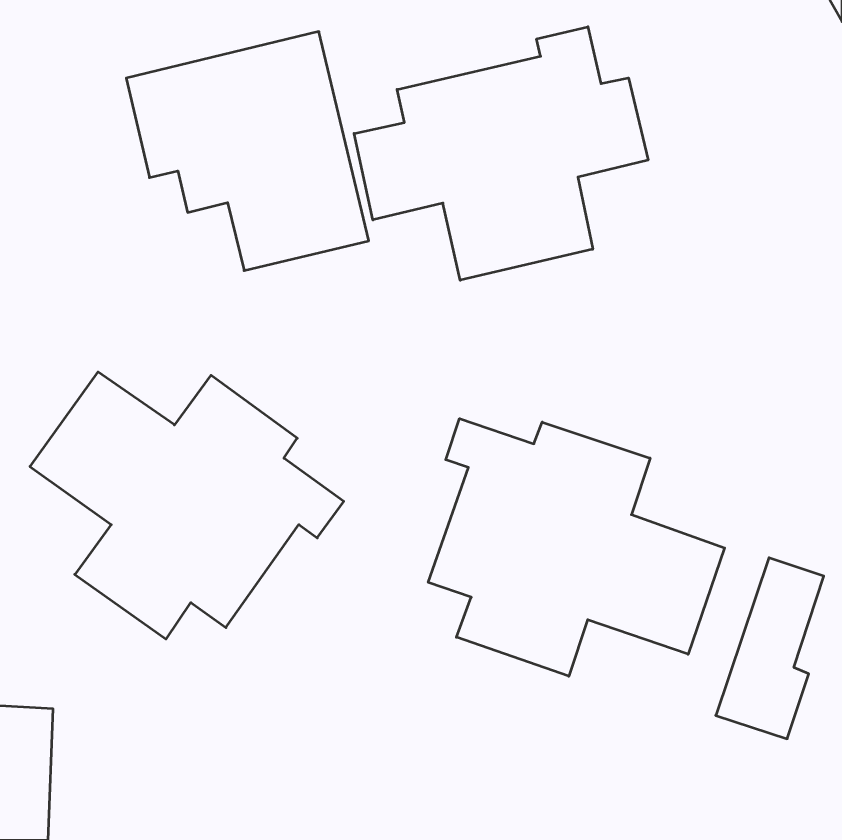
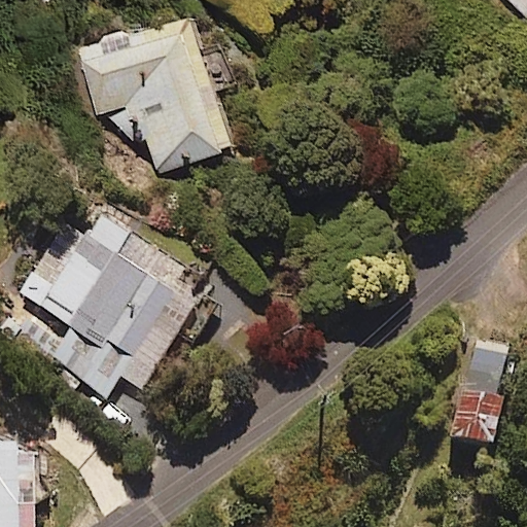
building: [354,27,648,280] -> none
building: [428,419,725,676] -> none

